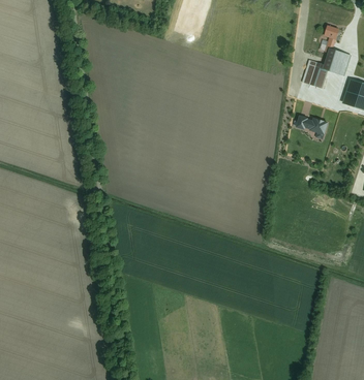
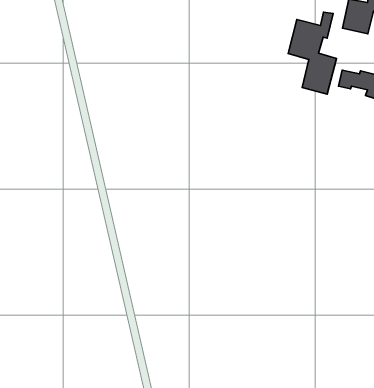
building: none -> [288,12,337,94]

